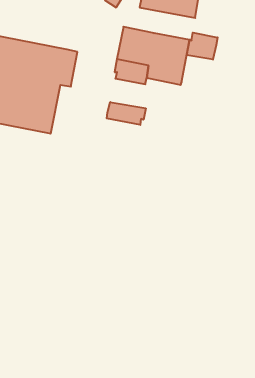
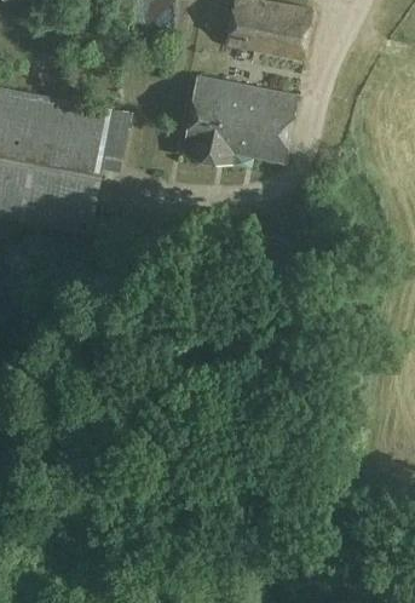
building: [187,33,218,60] -> none
building: [107,102,146,125] -> none

